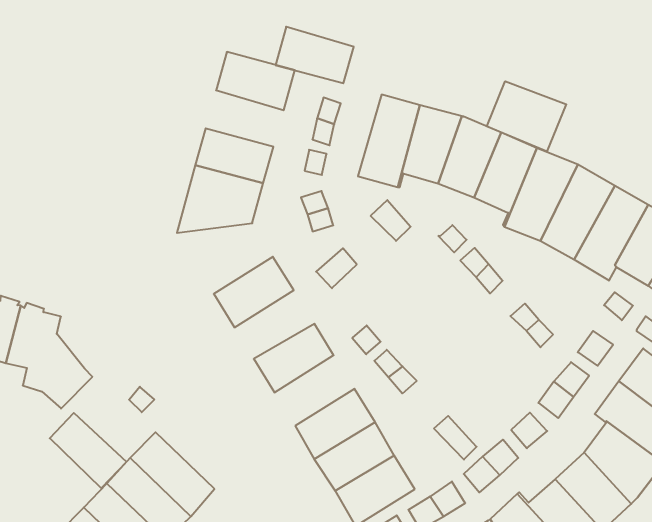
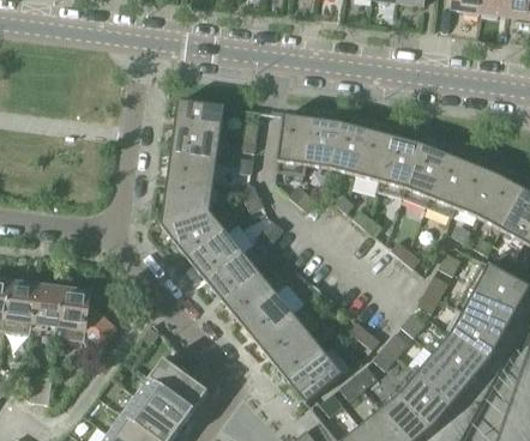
building: [275,27,354,83] -> [170,126,221,158]
building: [487,81,566,151] -> none
building: none -> [161,211,227,261]
building: none -> [207,252,260,301]
building: none -> [240,291,293,342]
building: [50,413,127,488] -> none

